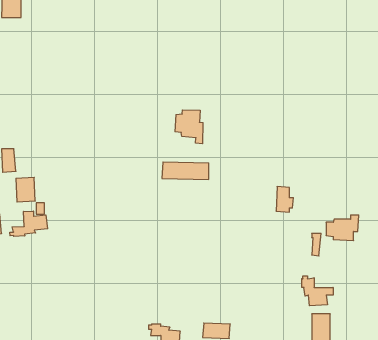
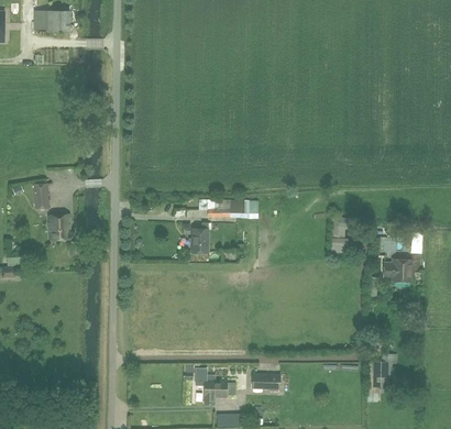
building: [175,110,203,144] -> none
building: none -> [192,221,209,253]
building: [10,211,48,236] -> none
building: [302,276,333,306] -> none

